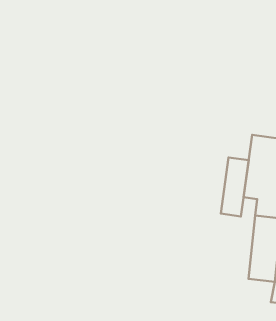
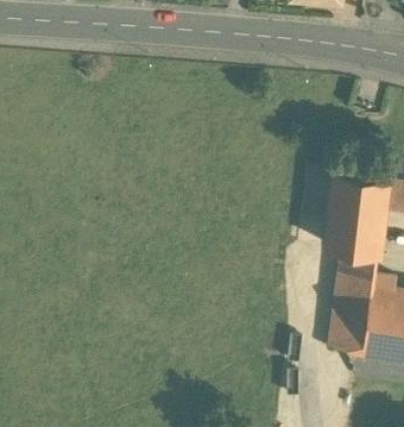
building: [221,157,249,216] -> none

